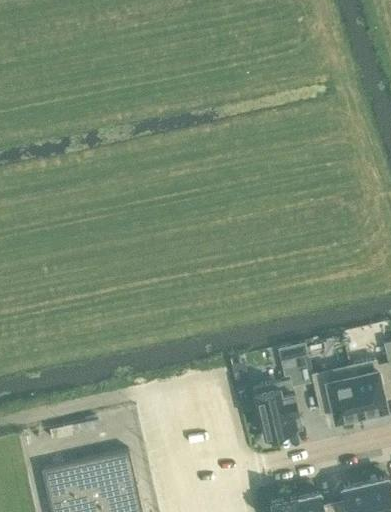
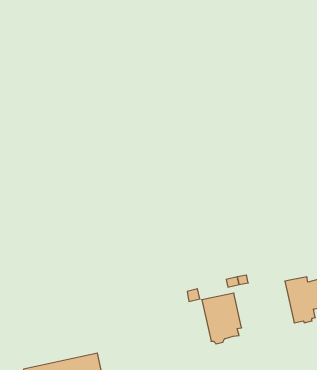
building: [312,367,361,423] -> none

